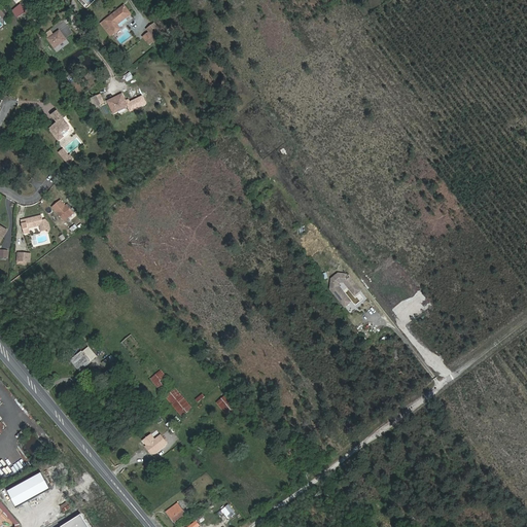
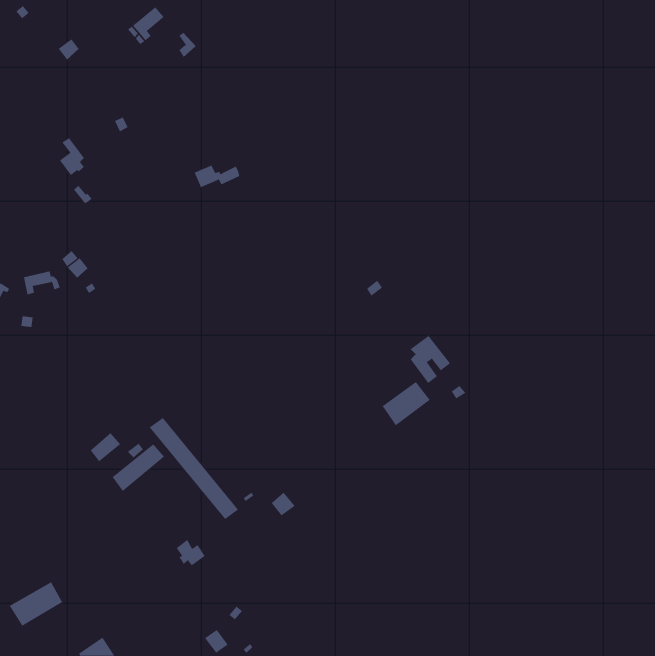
building: [108,94,145,112] -> [194,165,240,188]
building: none -> [382,381,430,426]
building: none -> [112,443,165,492]

